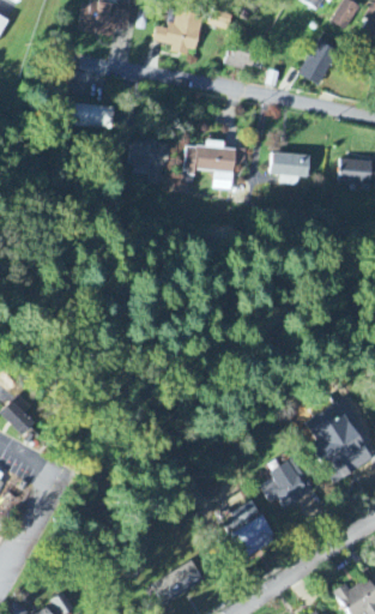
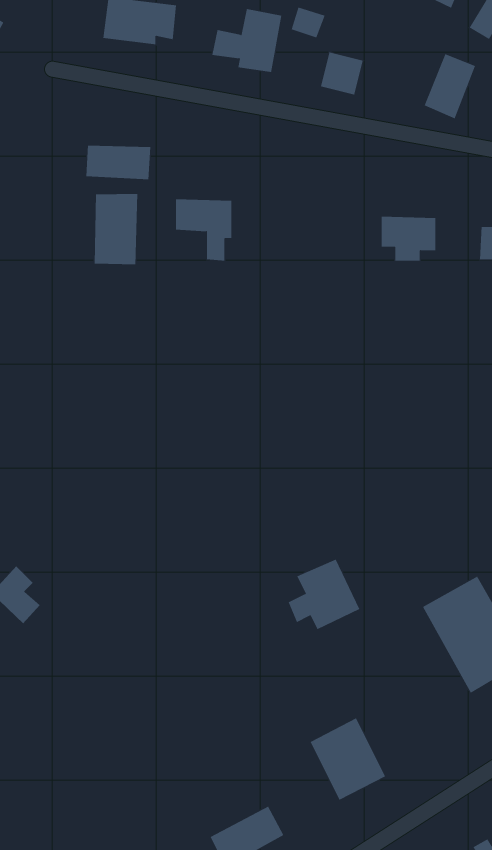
building: none -> [94,193,138,265]
building: [182,139,244,188] -> none
building: [261,458,312,507] -> [288,559,360,630]

